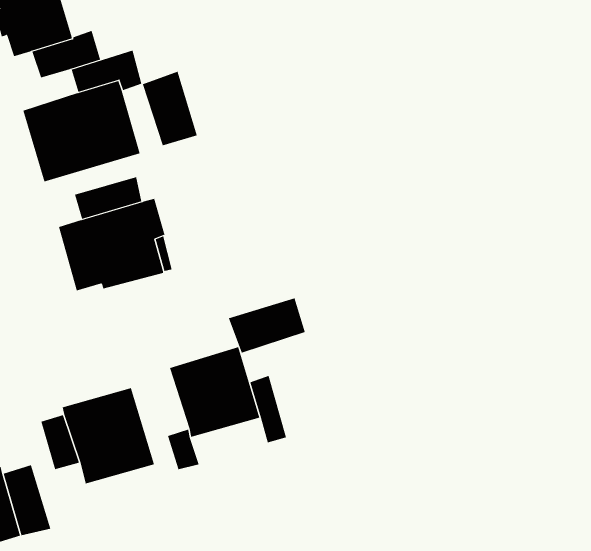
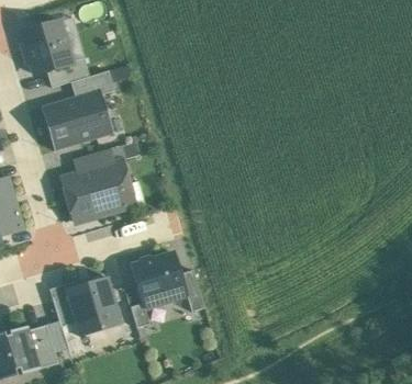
building: [142,71,197,146] -> none
building: [228,297,305,354] -> none

